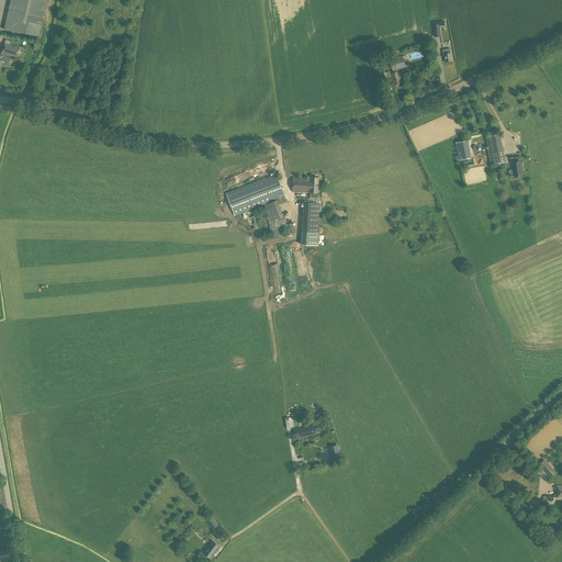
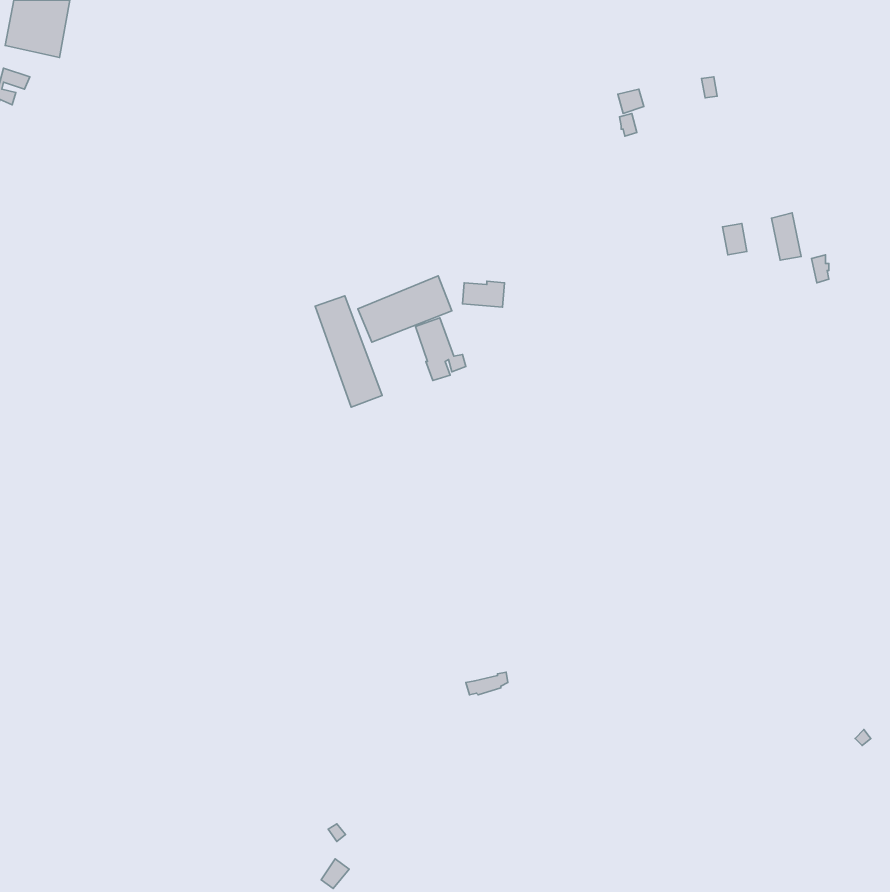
building: none -> [315,296,382,407]
building: [301,202,317,233] -> none

